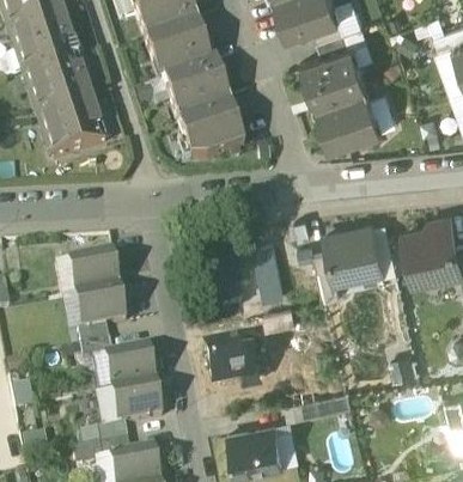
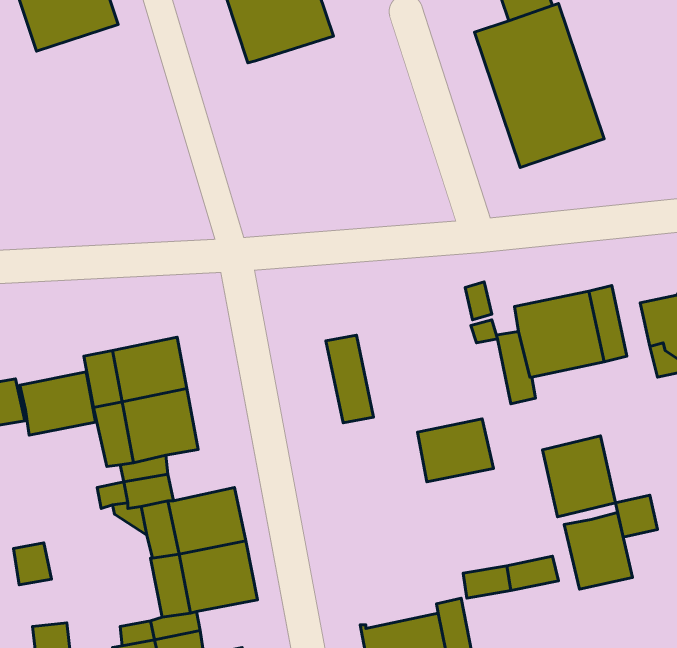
building: [28,60,108,163] -> none
building: [165,65,246,164] -> none
building: [252,246,281,301] -> none
building: none -> [20,372,96,435]
building: none -> [542,436,616,517]
building: [208,340,264,391] -> none
building: none -> [564,513,633,589]

